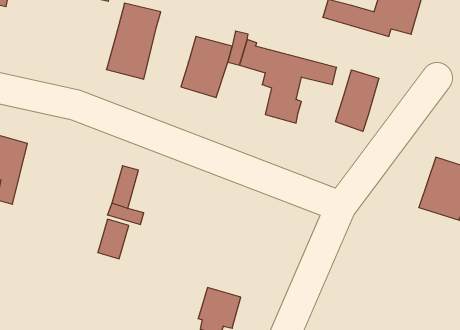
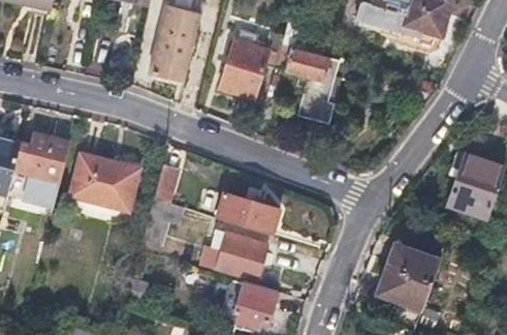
building: [336,70,379,131] -> none
building: none -> [69,154,138,209]
building: none -> [216,193,280,235]
building: none -> [216,233,267,278]
building: none -> [379,244,440,309]

